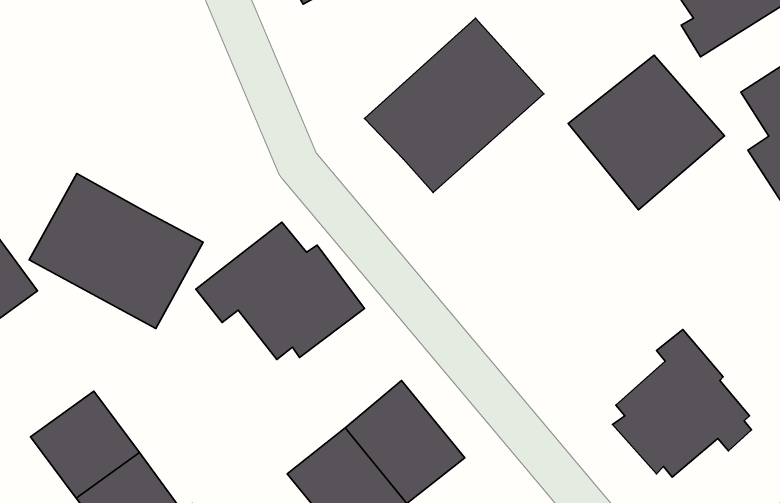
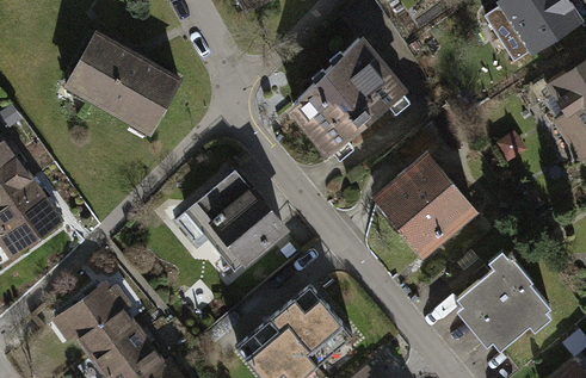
building: [568,55,725,210] -> [370,149,476,254]
building: [29,174,203,328] -> [62,30,180,135]

